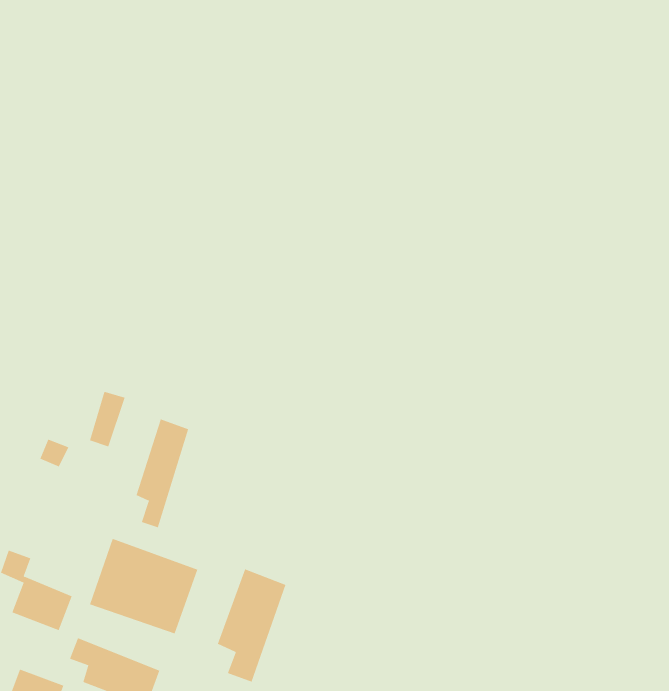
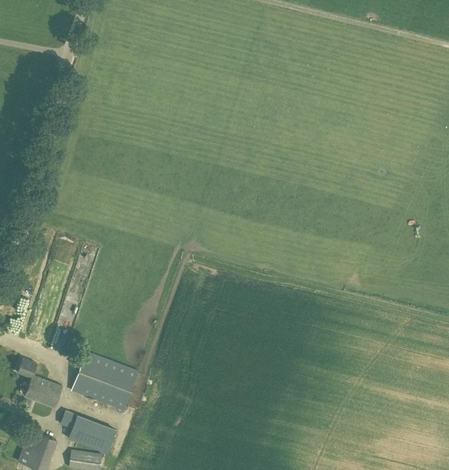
building: [136,418,189,528] -> none
building: [217,568,286,683] -> none

